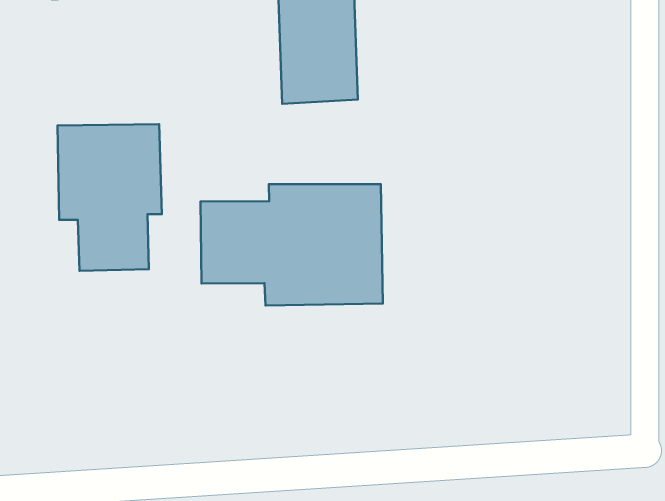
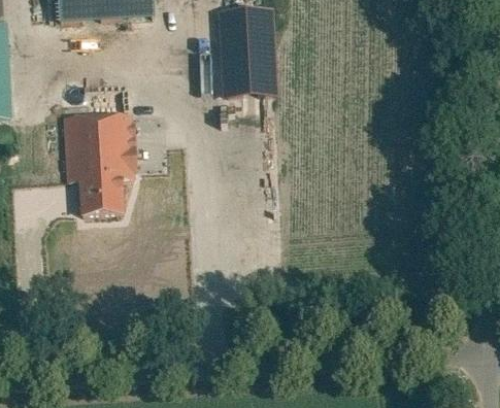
building: [201,184,383,305] -> none

